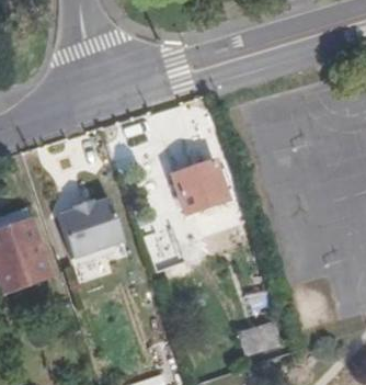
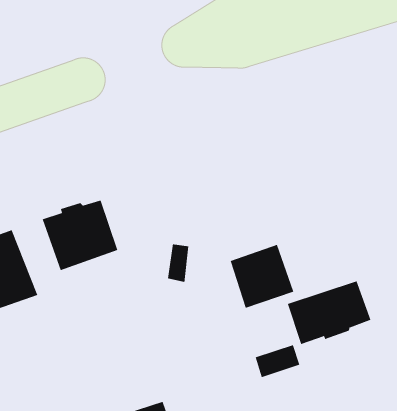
building: [173,161,228,216] -> [230,244,294,309]
building: none -> [287,281,371,345]

